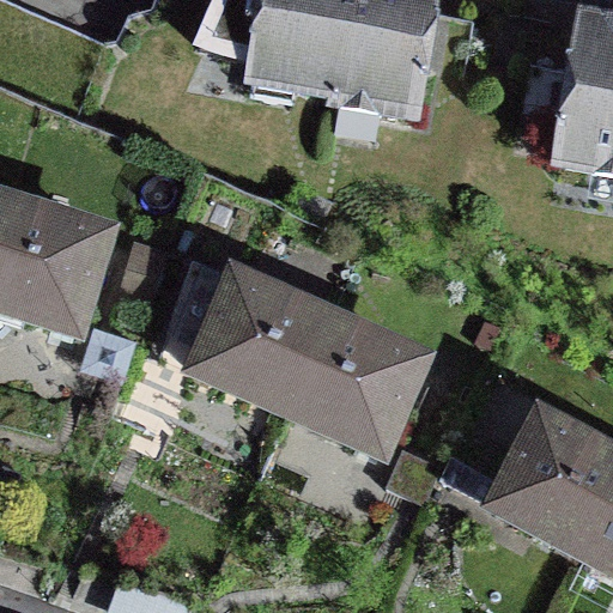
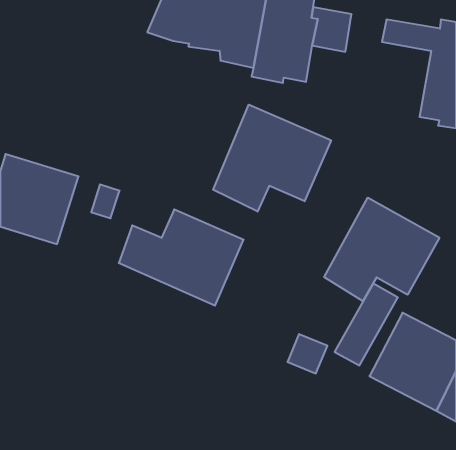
building: none -> [213,105,331,212]
building: none -> [324,198,439,301]
building: [289,322,421,451] -> none

